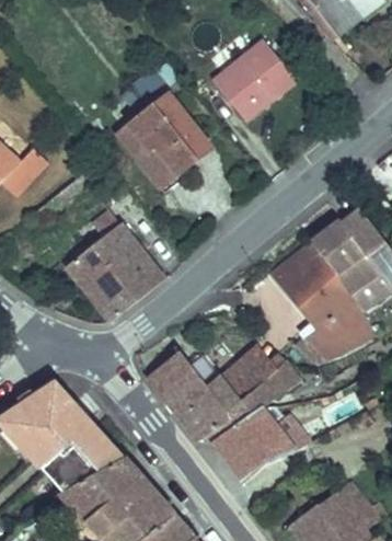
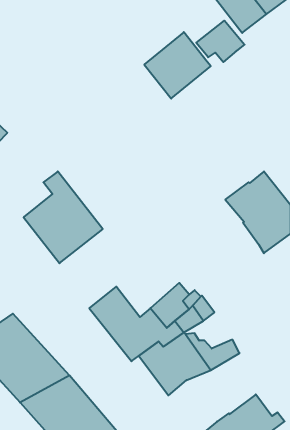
building: none -> [196,21,245,62]
building: [116,70,210,193] -> none
building: [273,241,372,361] -> none

